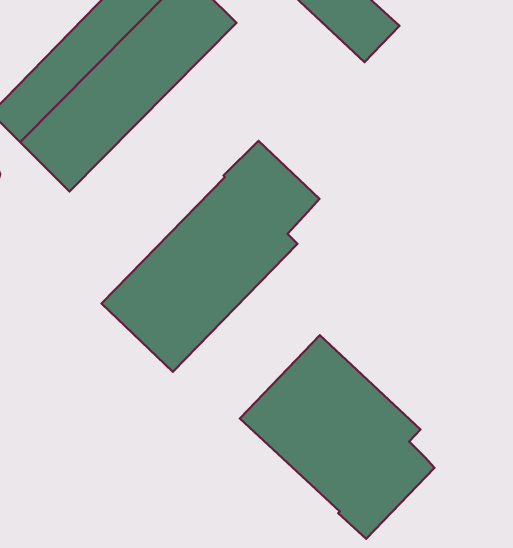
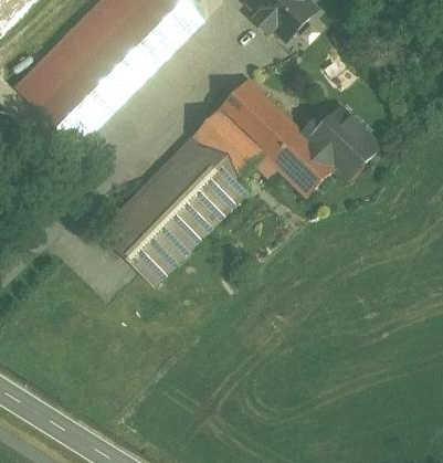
building: none -> [220,77,381,193]
building: [240,335,435,539] -> none

